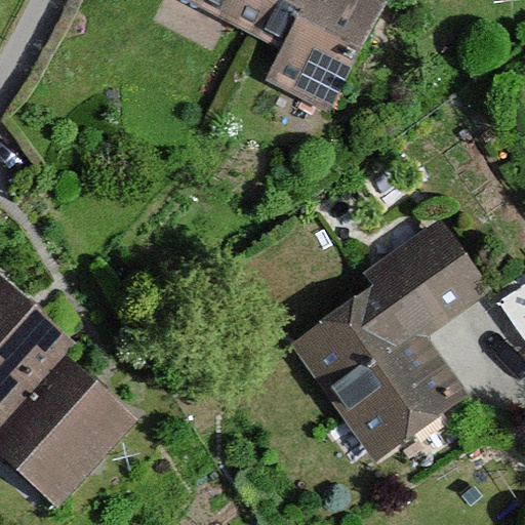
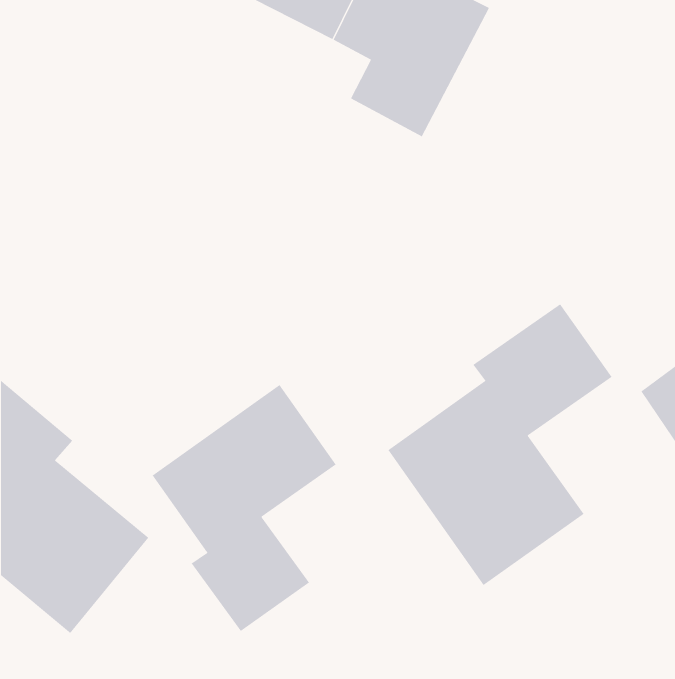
building: none -> [152,384,336,632]

